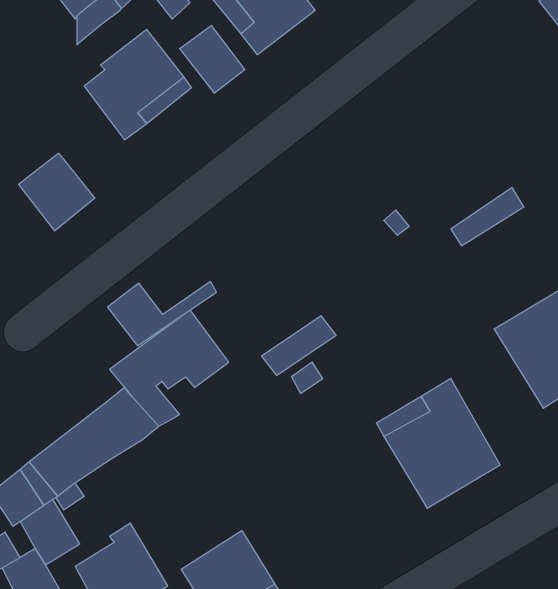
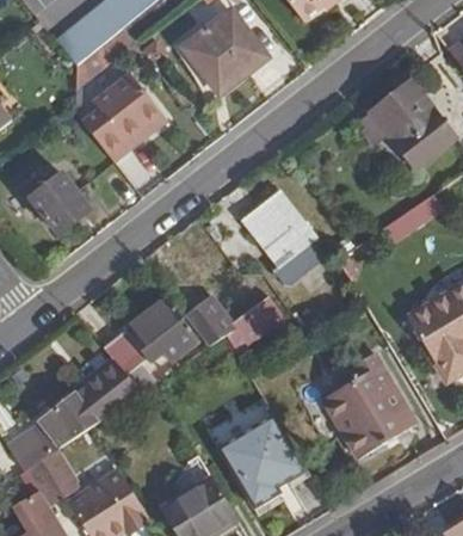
building: [180,26,245,93] -> none
building: none -> [370,81,455,170]
building: none -> [246,191,320,282]
building: [108,282,216,346] -> [184,295,271,346]
building: none -> [205,396,304,515]

